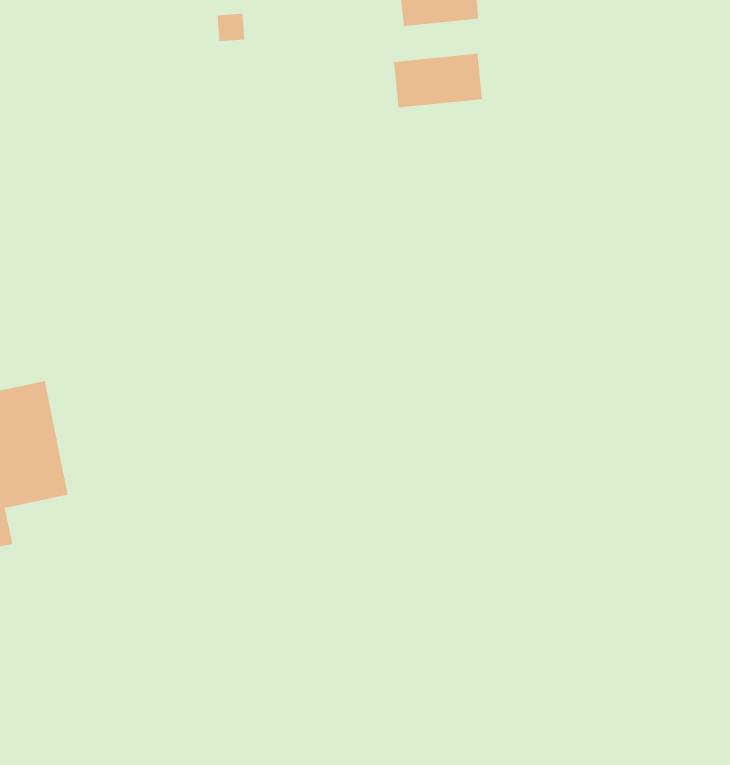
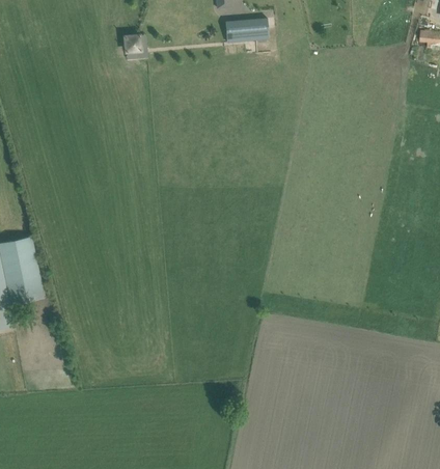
building: [393,53,483,108] -> none

